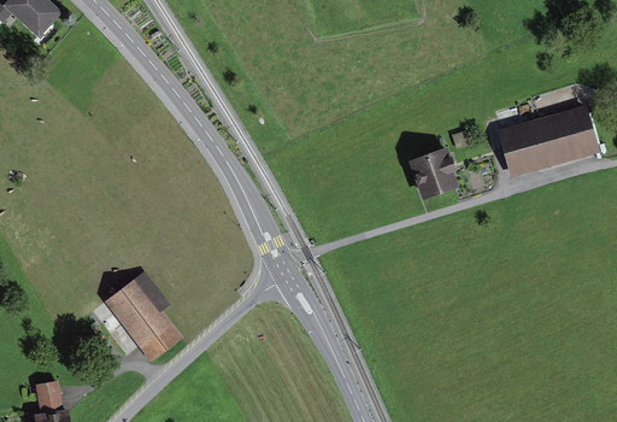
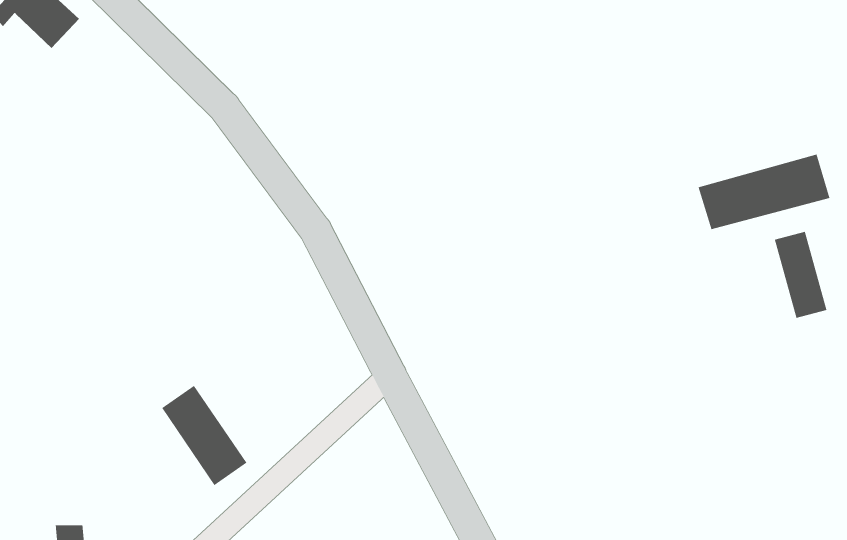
building: [411,154,454,198] -> none
building: none -> [774,231,827,319]

